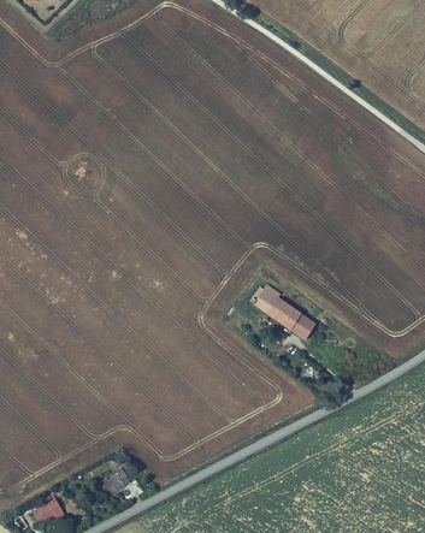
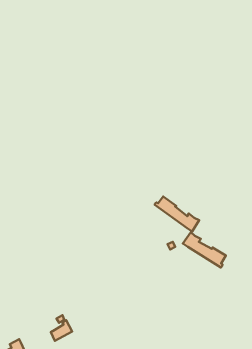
building: none -> [183,232,226,267]

